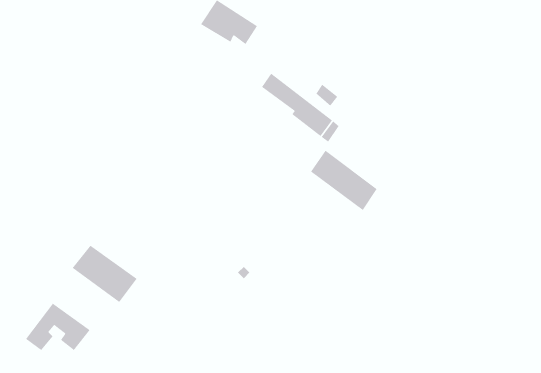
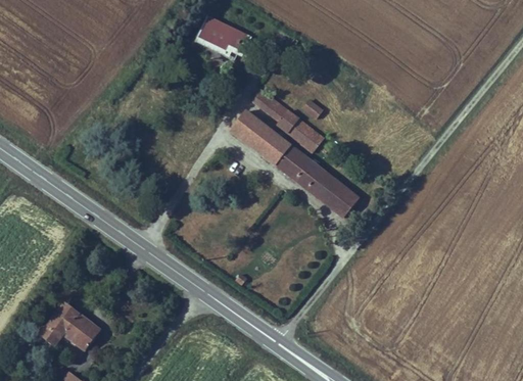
building: none -> [233,111,313,181]
building: [72,245,138,303] -> none

